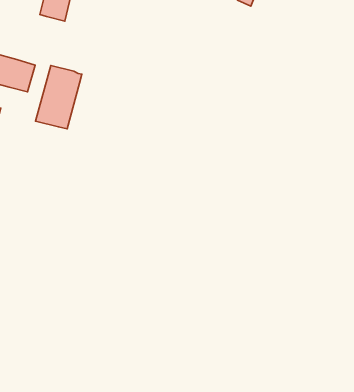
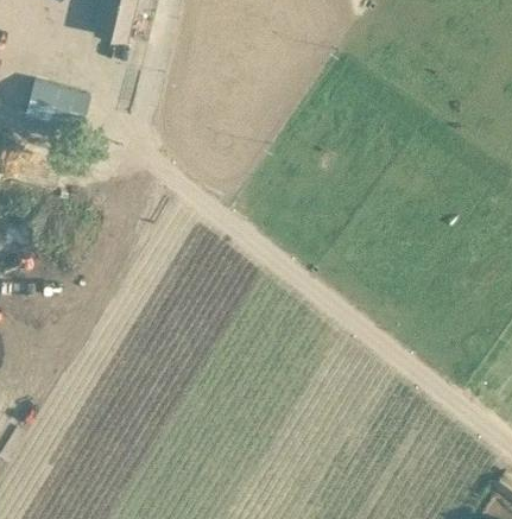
building: [35,65,82,129] -> none

